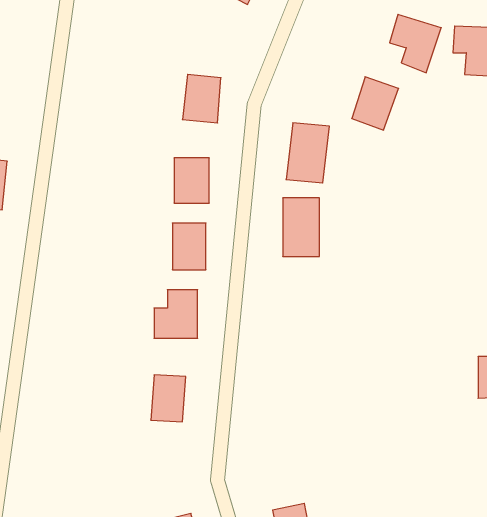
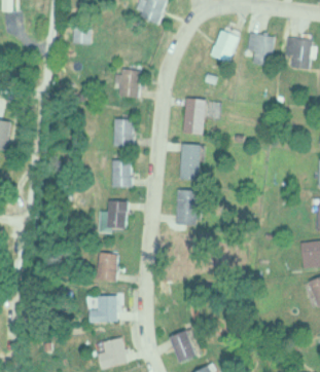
building: [352,77,399,130] -> [211,29,240,62]
building: none -> [175,190,198,225]
building: none -> [92,296,120,323]

